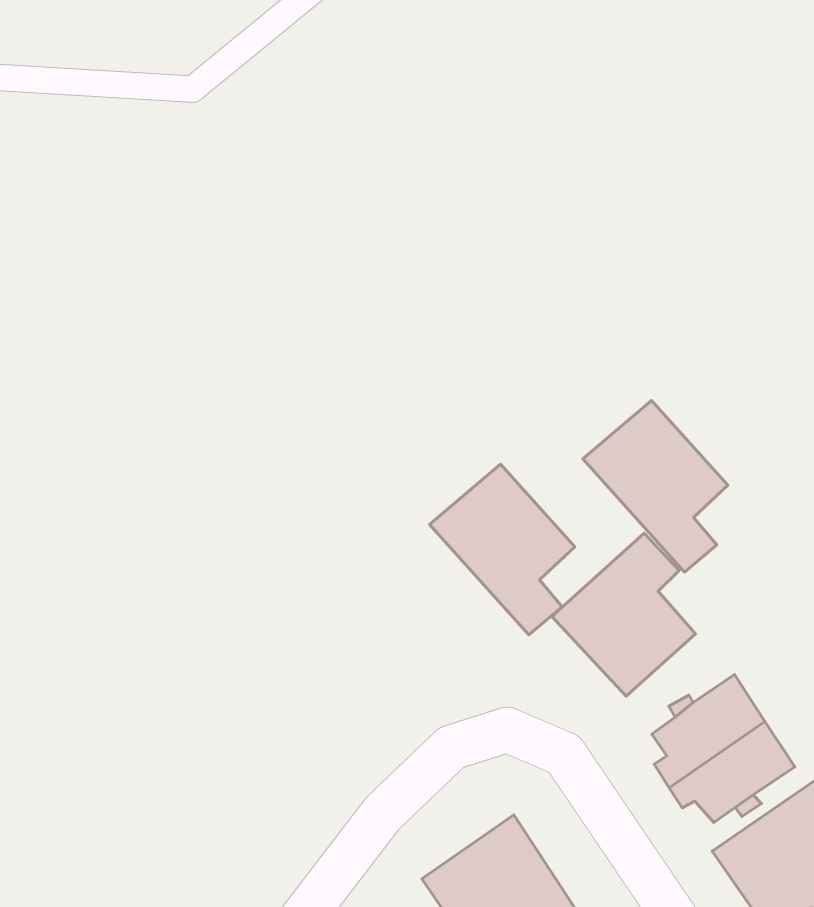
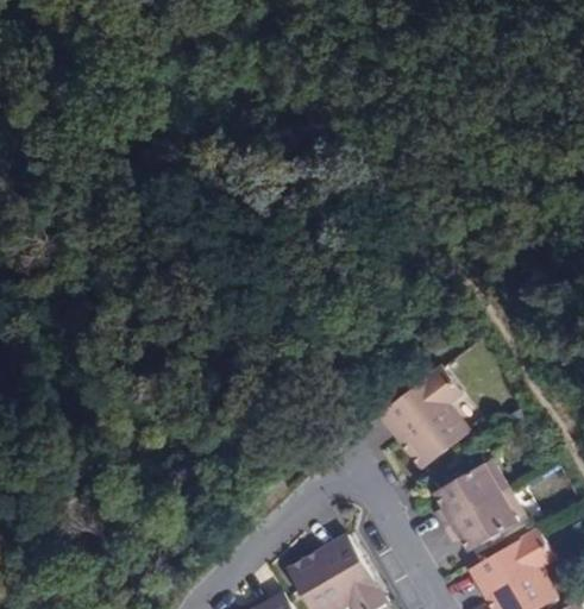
building: [583,400,728,572] -> none
building: [430,464,575,635] -> none

